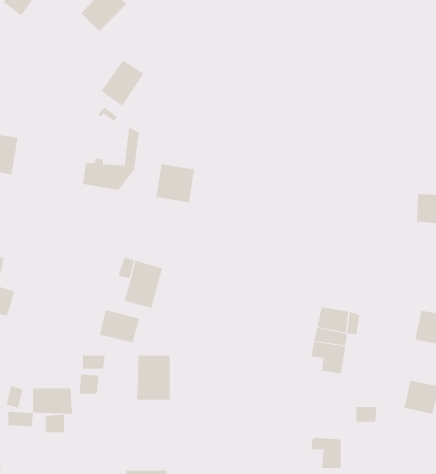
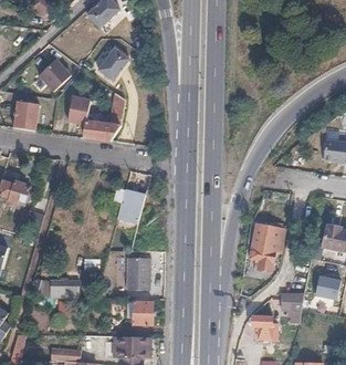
building: none -> [35,53,66,85]
building: none -> [69,96,91,123]
building: [156,163,195,203] -> none
building: [99,309,140,343] -> none
building: none -> [128,302,151,325]

